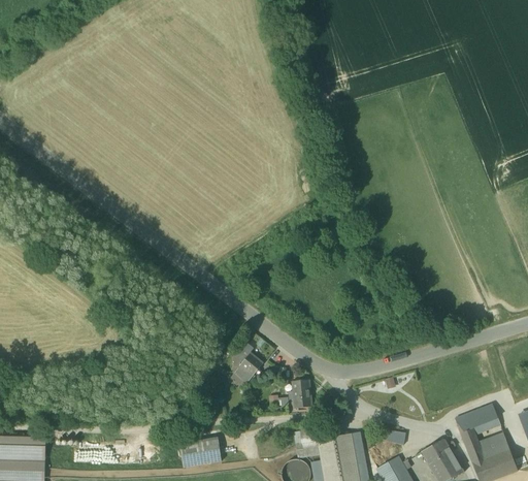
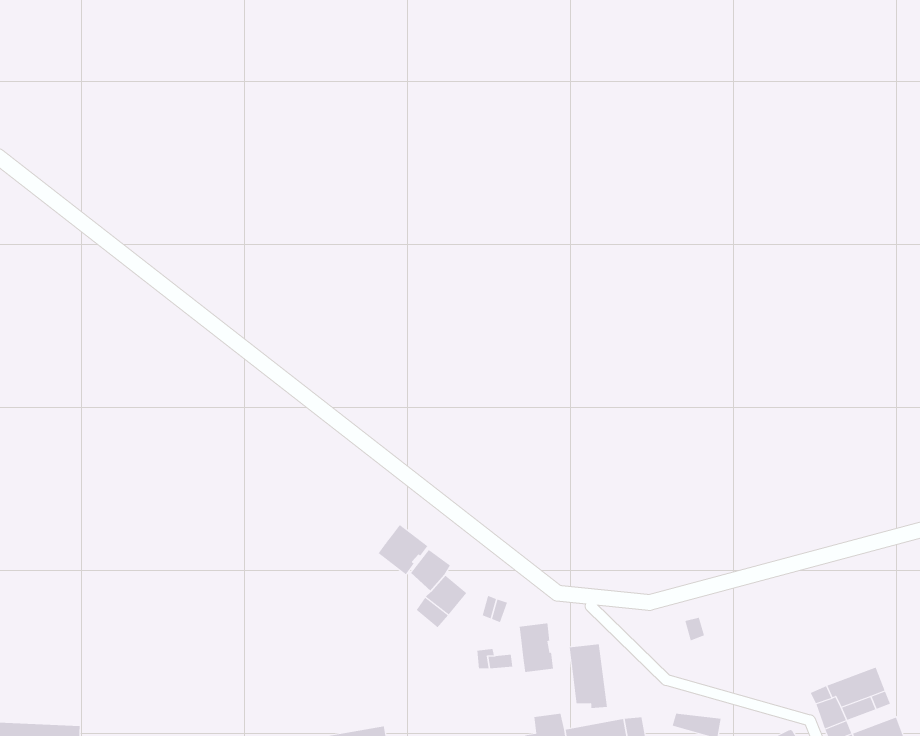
building: none -> [378,524,428,575]
building: none -> [569,643,607,709]

